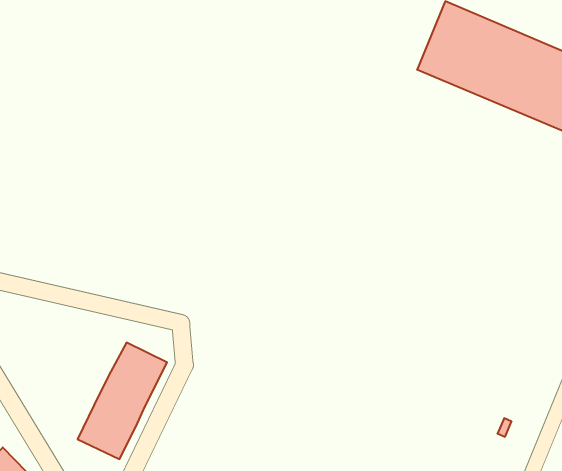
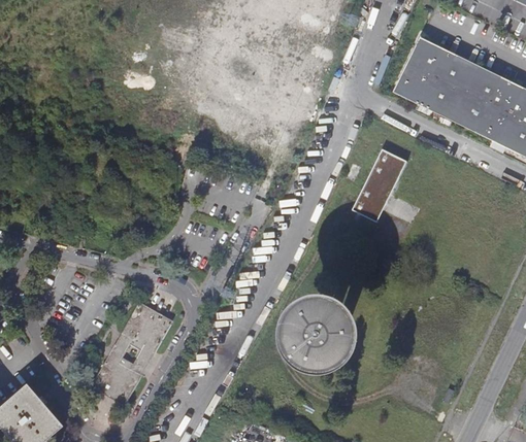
building: none -> [351,149,405,223]
building: none -> [282,296,363,377]

